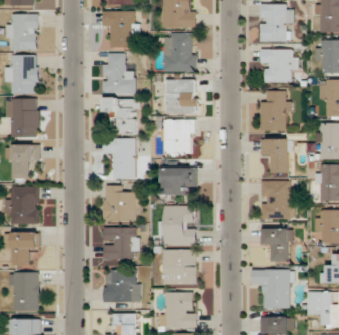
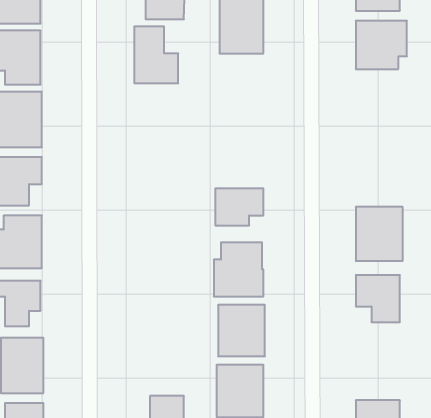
building: [166,79,197,115] -> none
building: [260,91,290,131] -> none
building: [104,98,139,134] -> none
building: [164,120,195,156] -> none
building: [104,138,135,179] -> none
building: [261,140,292,175] -> none
building: [104,186,140,221] -> none
building: [104,228,138,259] -> none
building: [253,269,293,309] -> none
building: [104,271,139,303] -> none

